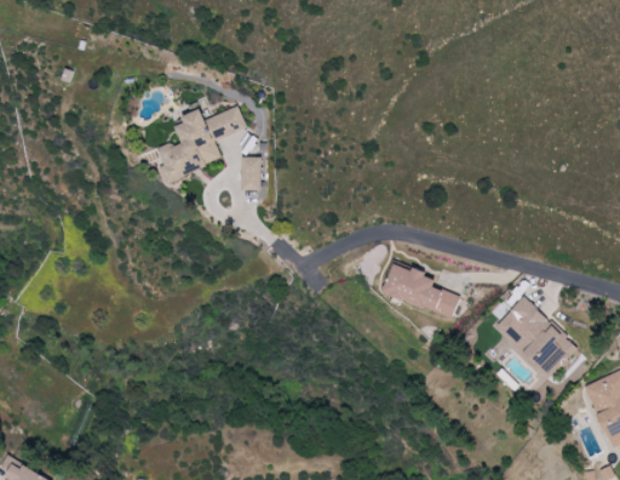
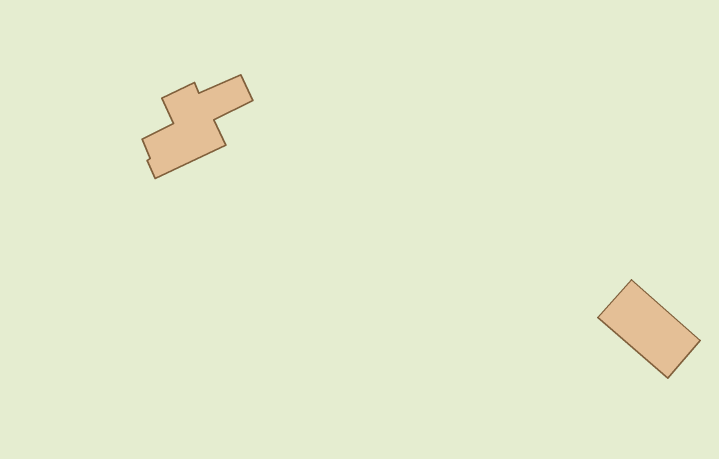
building: [240,158,260,192] -> none
building: [384,261,459,318] -> none

